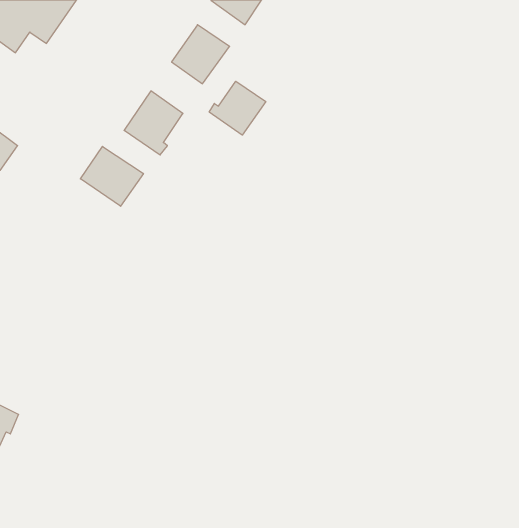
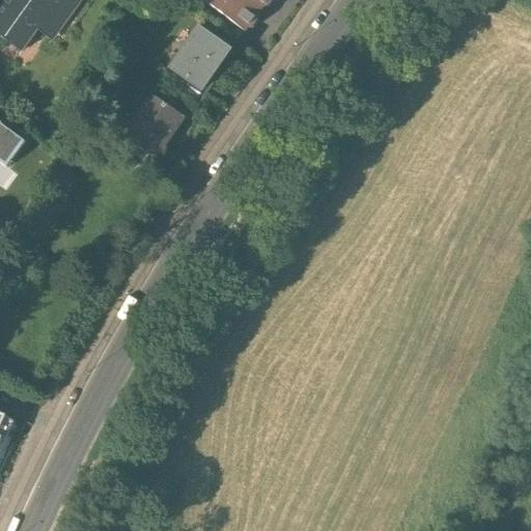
building: [209,81,266,135] -> none
building: [80,146,143,206] -> none

